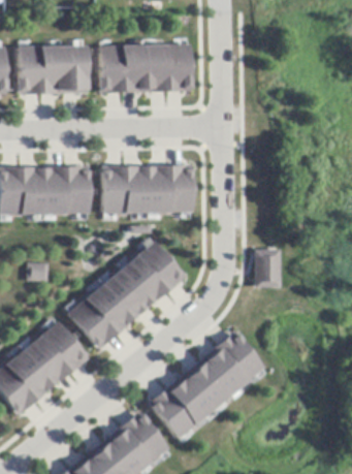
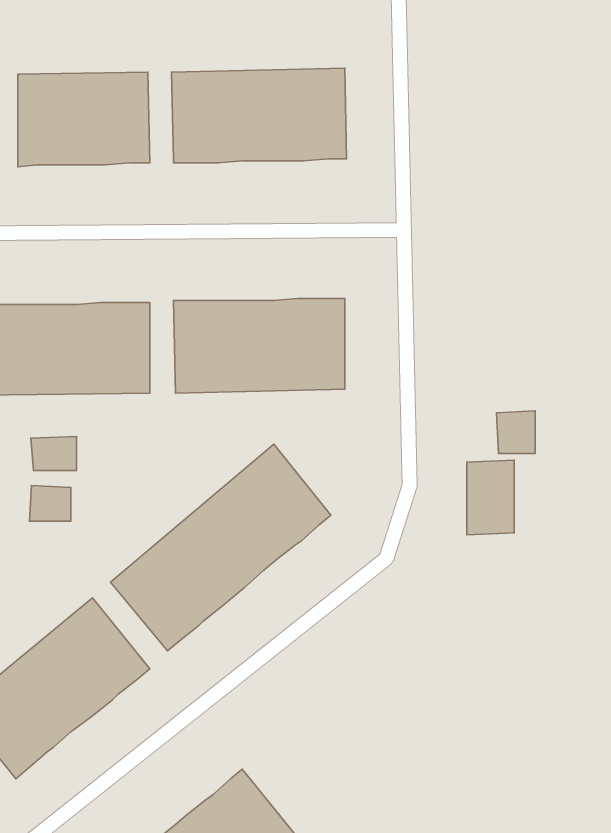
building: none -> [496,411,535,454]
building: none -> [31,436,77,470]
building: [149,330,265,439] -> none

